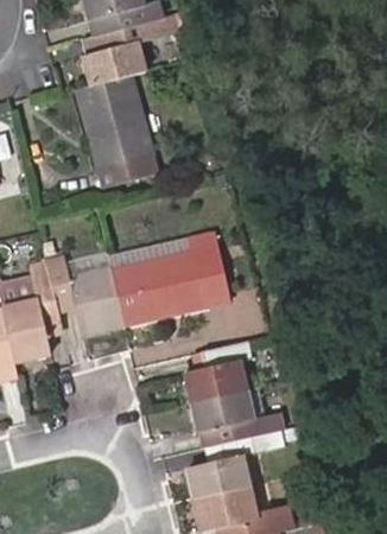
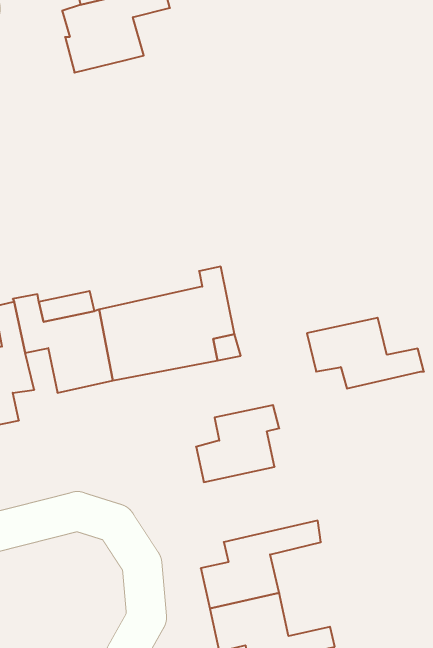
building: [76,76,157,182] -> none
building: [191,389,281,444] -> [307,318,424,389]

